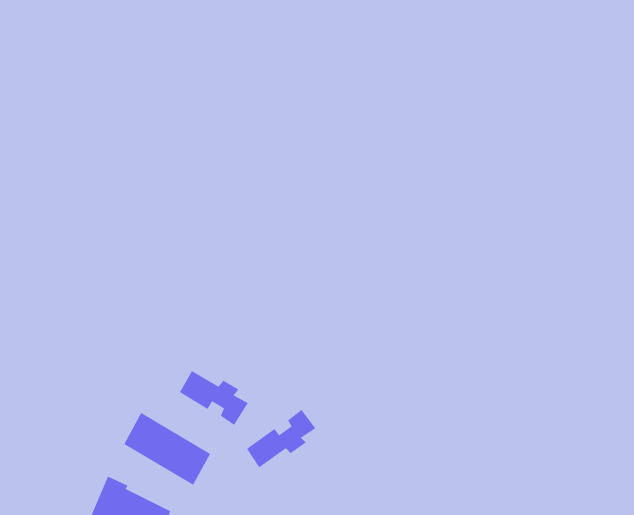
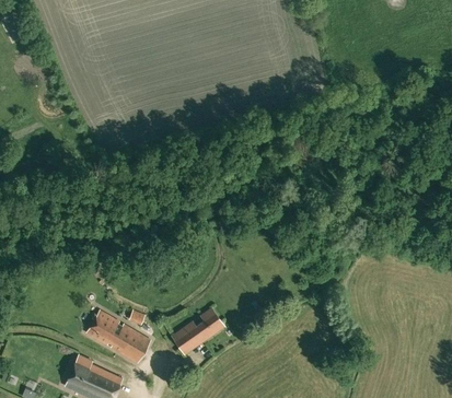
building: [179,370,249,426] -> none

